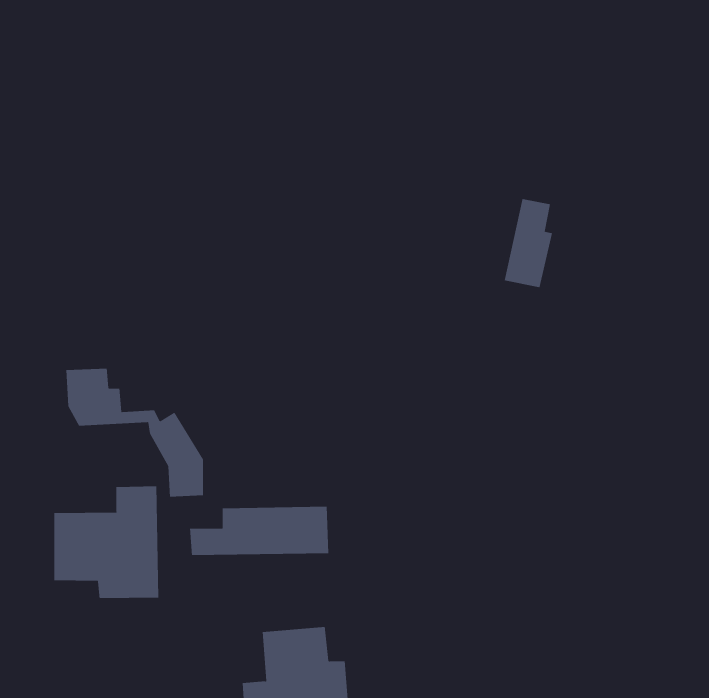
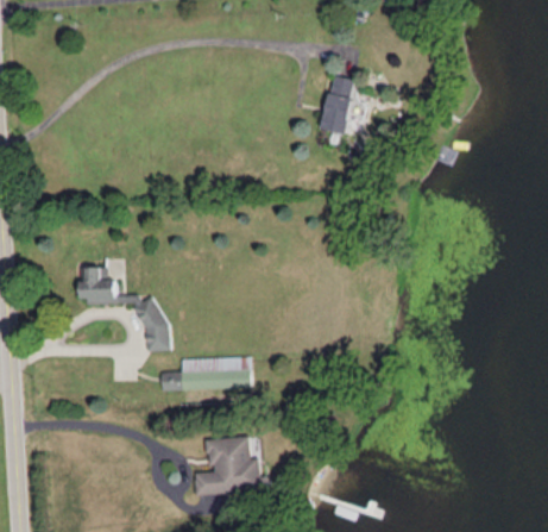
building: [504,199,553,288] -> [322,75,354,133]
building: [54,485,159,599] -> none

